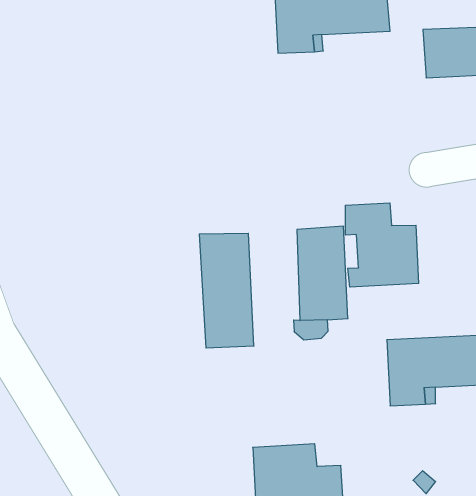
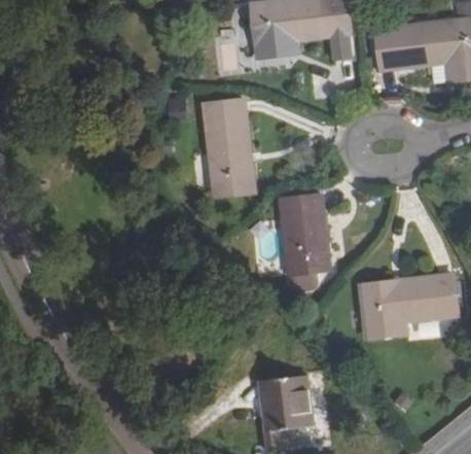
building: [345,203,419,287] -> none
building: [199,233,254,348] -> [204,101,254,197]

